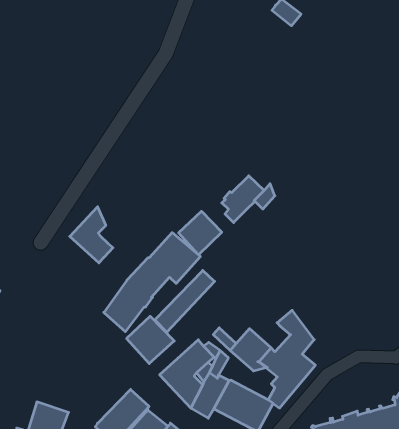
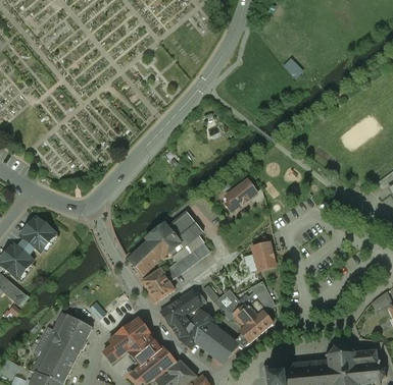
building: [70,207,113,263] -> none
building: [179,211,222,255] -> none
building: none -> [252,241,275,270]

